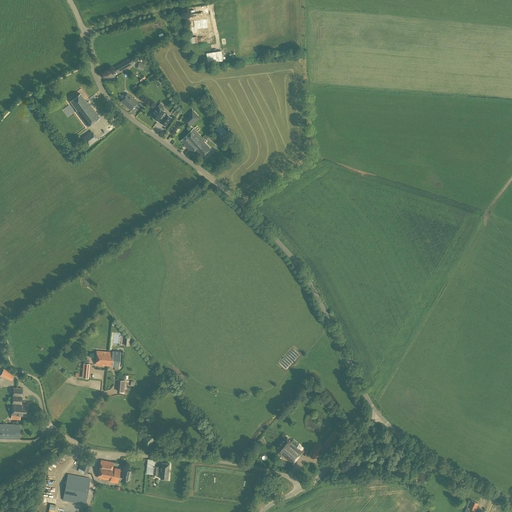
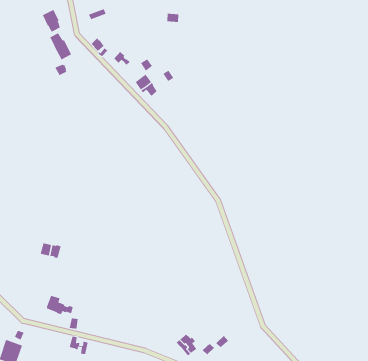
building: none -> [42,9,61,33]
building: [97,460,130,482] -> [46,295,74,315]

